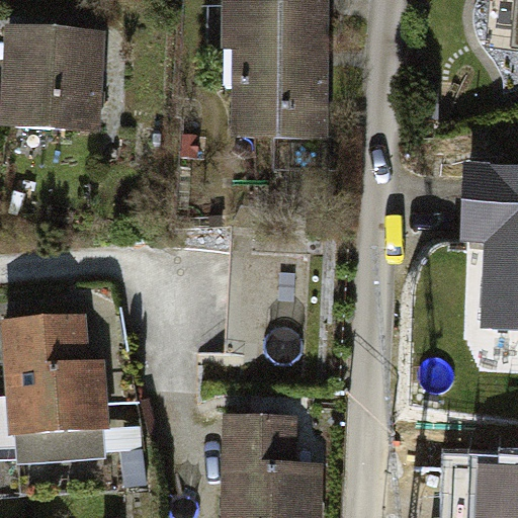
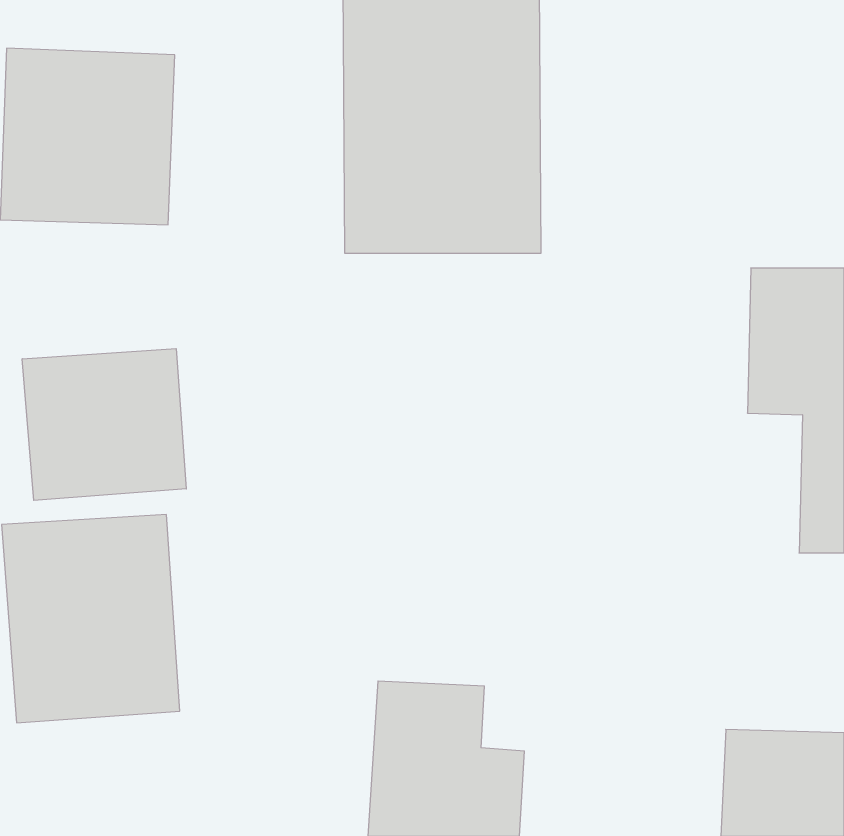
building: none -> [22,349,186,500]

